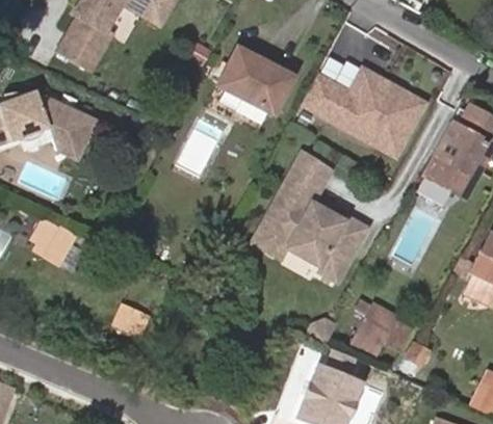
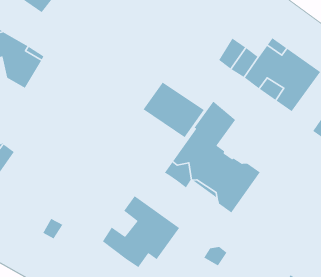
building: [218,49,291,112] -> [143,81,205,138]
building: none -> [102,195,180,268]
building: [357,306,397,346] -> none

